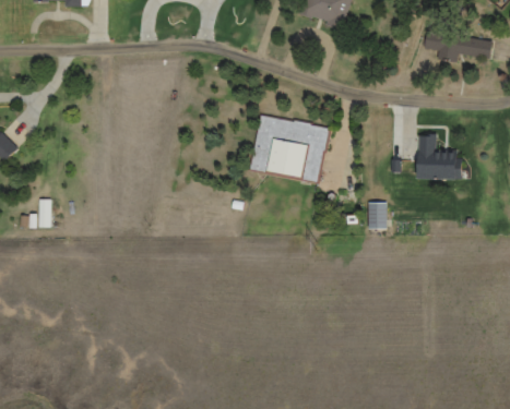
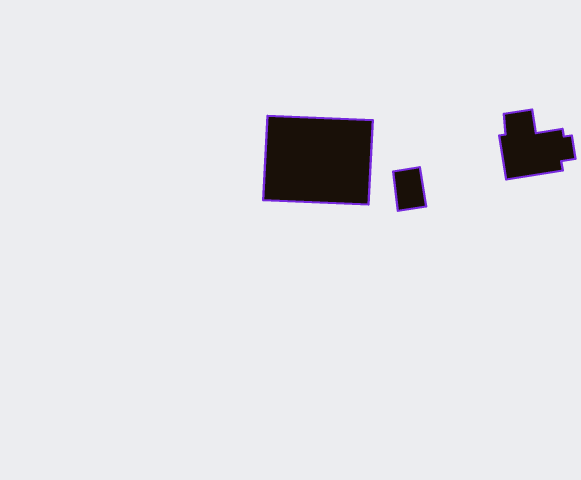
building: [366,202,386,229] -> [393,167,426,211]

